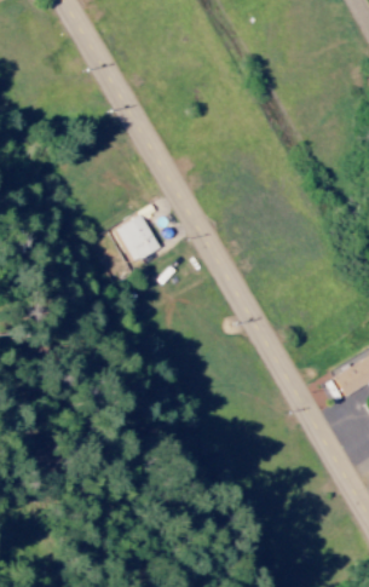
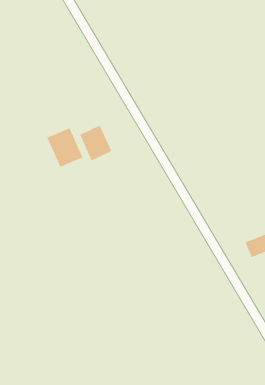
building: none -> [47,128,83,167]

